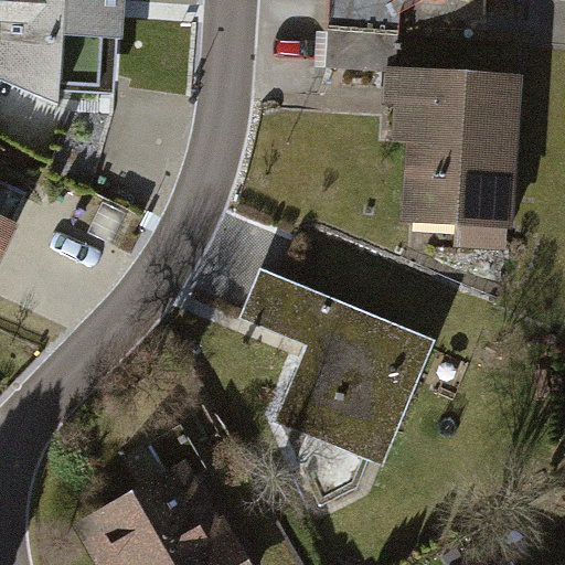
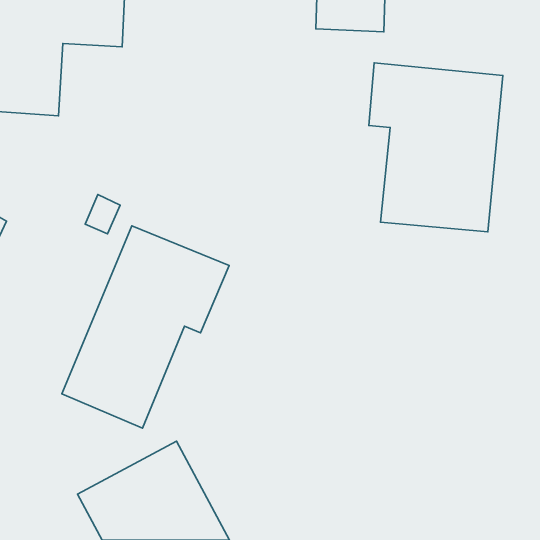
building: none -> [62,226,229,428]
building: [236,267,434,465] -> none

